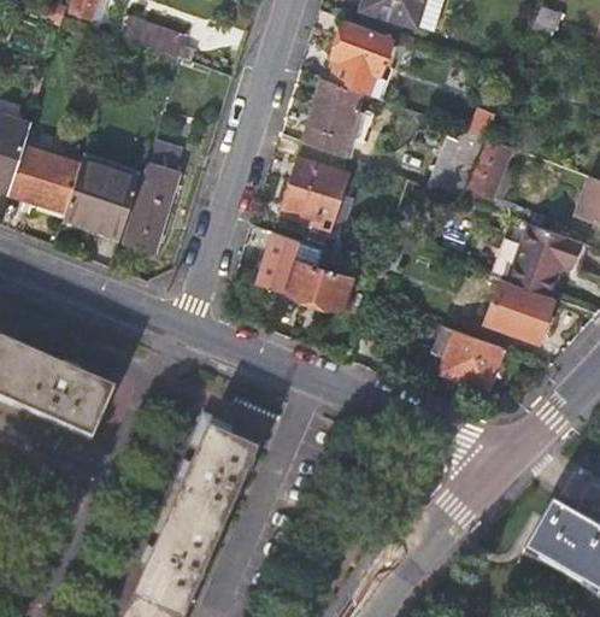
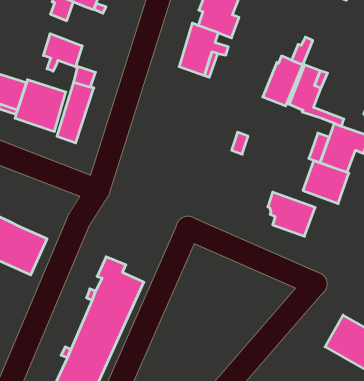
building: none -> [43,34,82,71]
building: [282,157,346,222] -> none
building: [259,231,358,306] -> none

